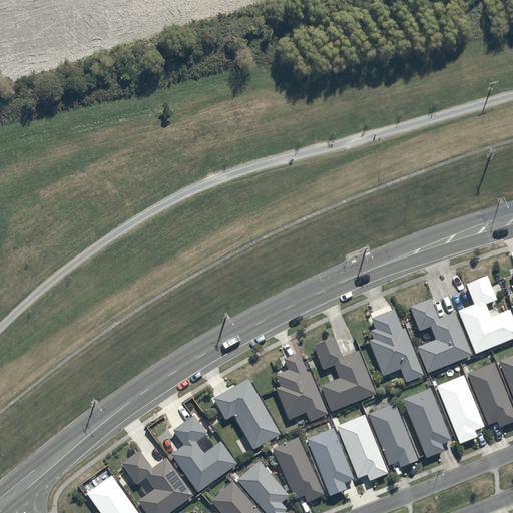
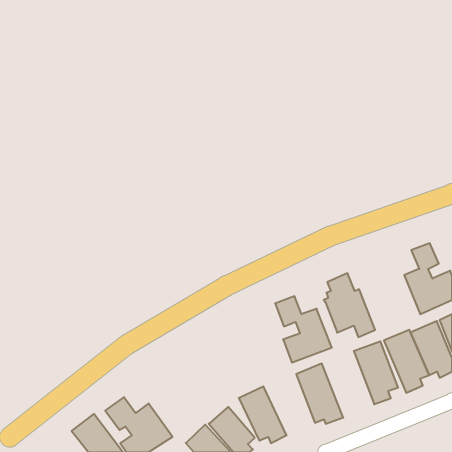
building: [409,300,473,373] -> none
building: [273,353,330,424] -> none
building: [212,377,282,450] -> none
building: [368,402,418,466] -> none
building: [170,416,239,494] -> none
building: [306,428,356,495] -> none

